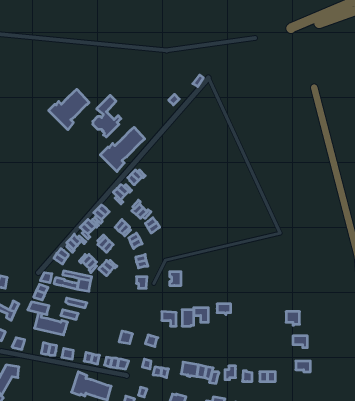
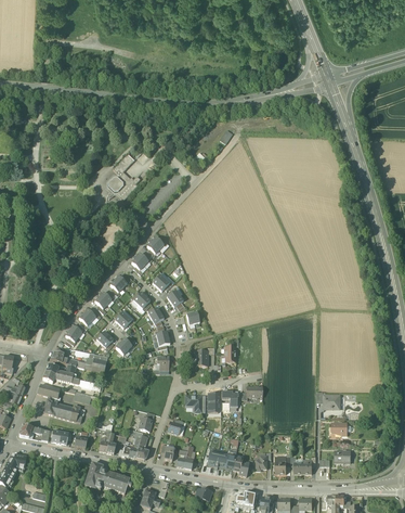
building: [49,89,89,130] -> none
building: [100,127,145,172] -> none

